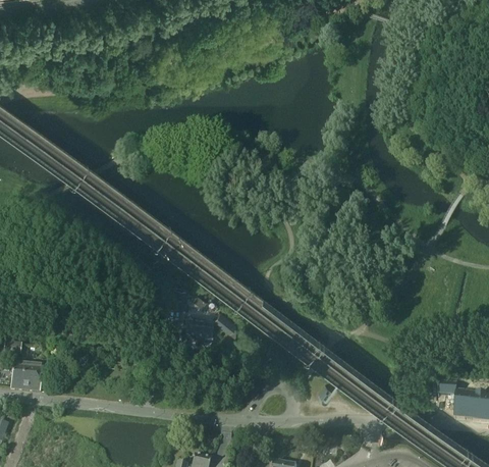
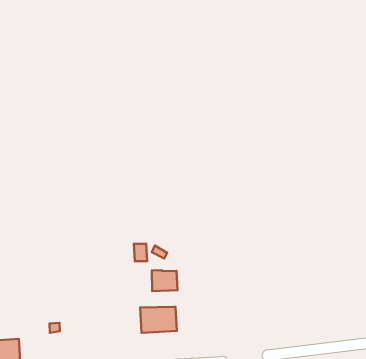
building: none -> [140,307,177,333]

